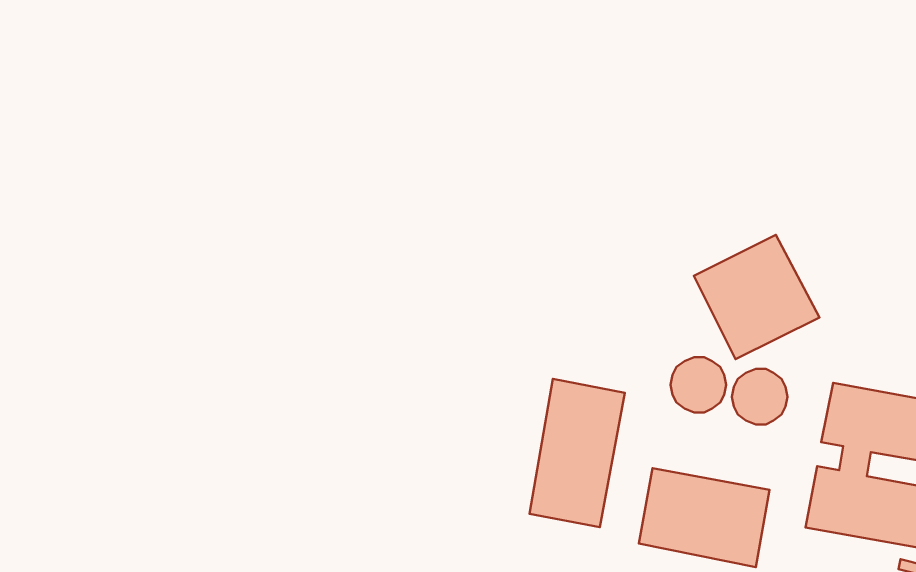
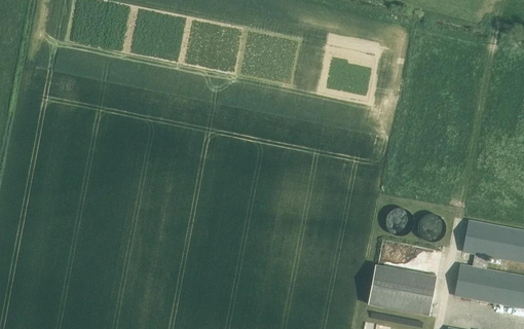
building: [694,235,820,359] -> none
building: [530,379,625,527] -> none

